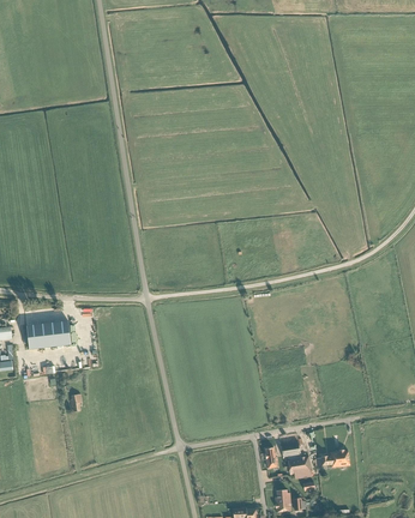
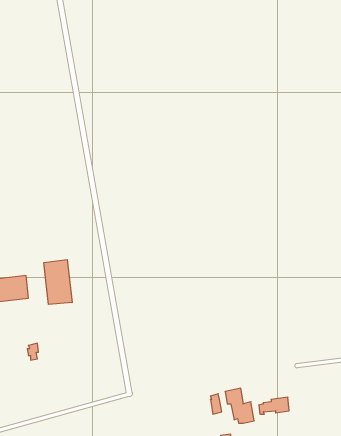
building: none -> [44,260,72,304]

